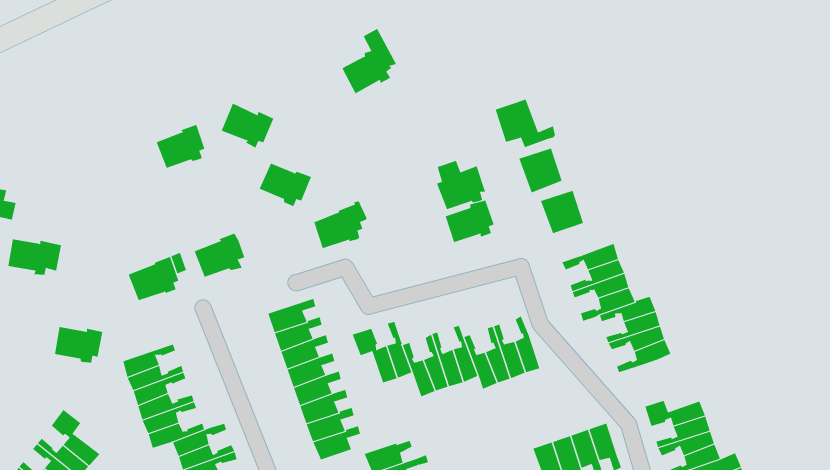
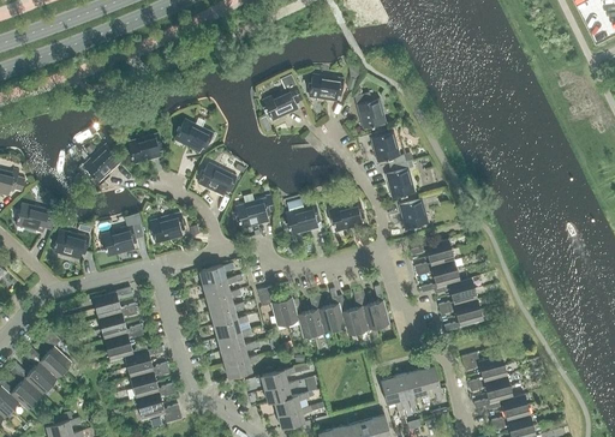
building: none -> [309,76,344,102]
building: none -> [356,98,386,130]
building: none -> [83,144,119,181]
building: [436,160,486,210] -> [285,199,320,234]
building: [54,327,103,363] -> [53,232,89,259]

